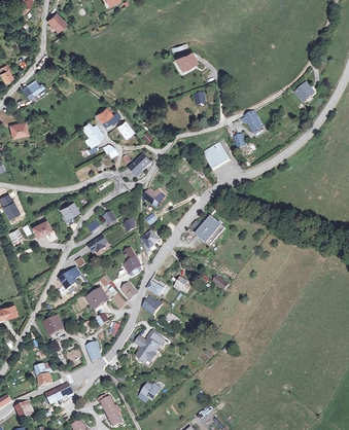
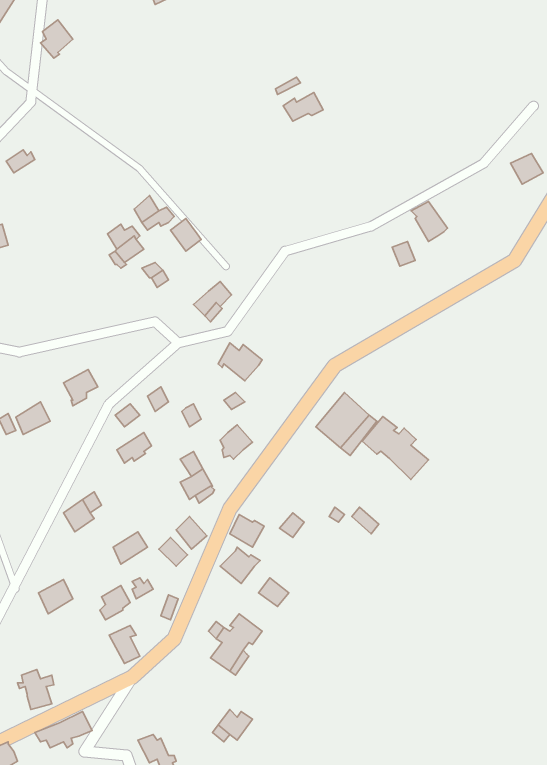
building: [203,143,231,171] -> none
building: none -> [362,416,428,479]

